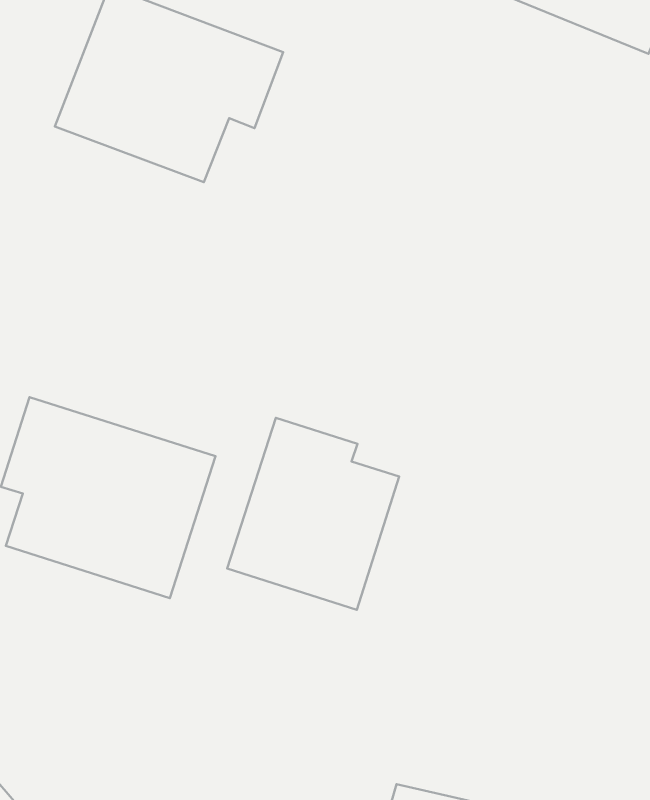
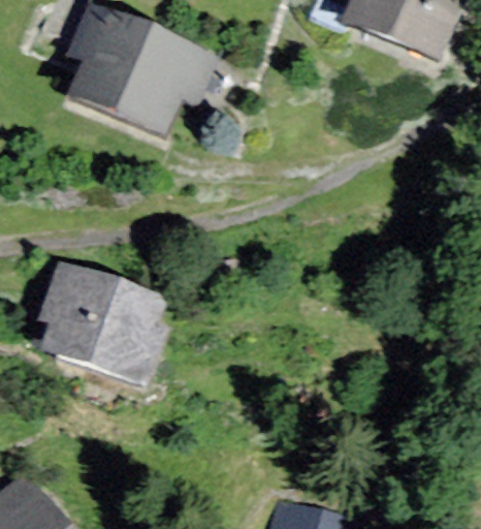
building: [227,418,399,610] -> none

